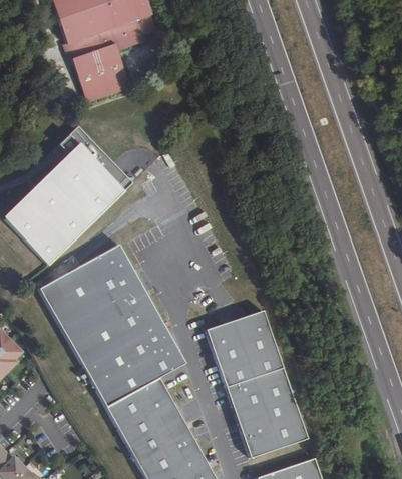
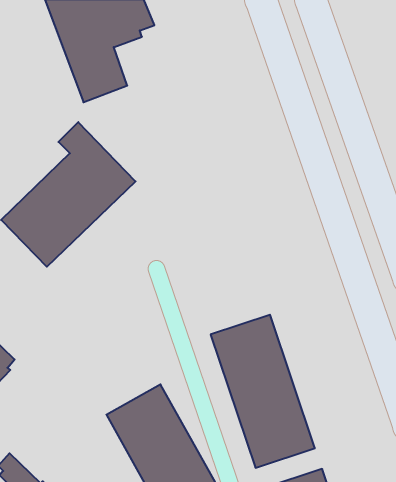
building: [38,248,180,405] -> none

